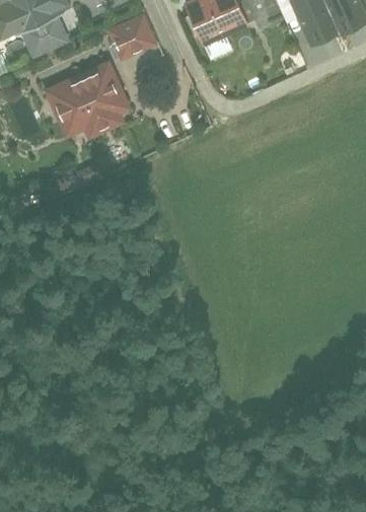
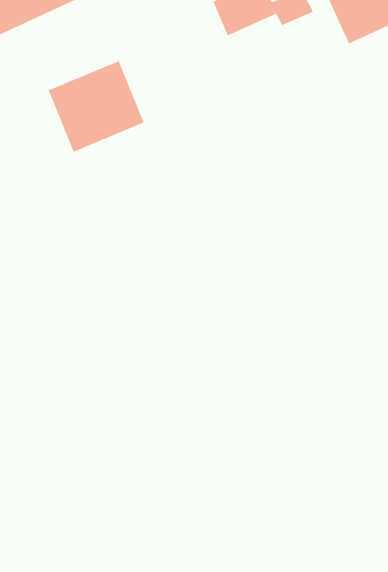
building: [107,12,156,58] -> none
building: [18,14,69,57] -> none

